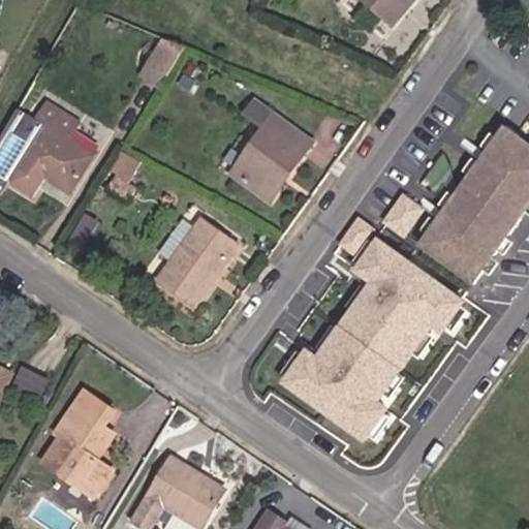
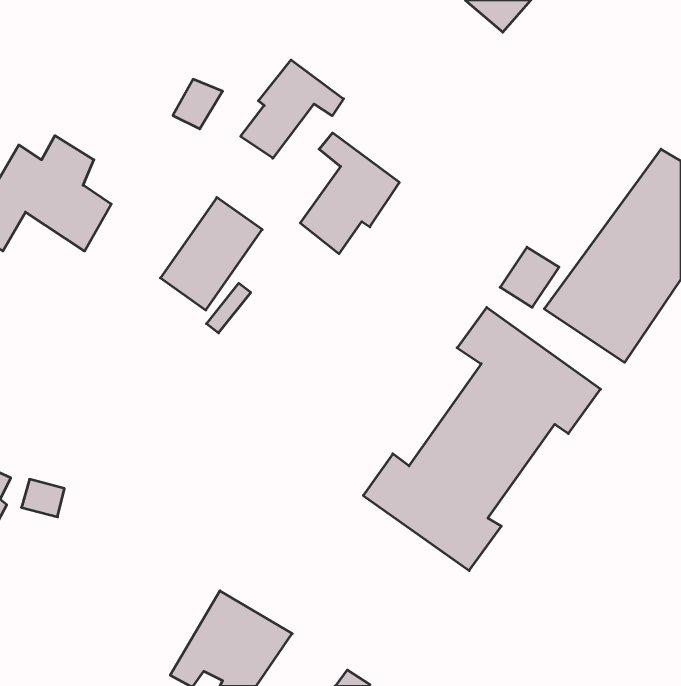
building: none -> [241,60,344,158]
building: [157,222,236,309] -> [160,197,262,310]
building: [43,392,111,494] -> none

